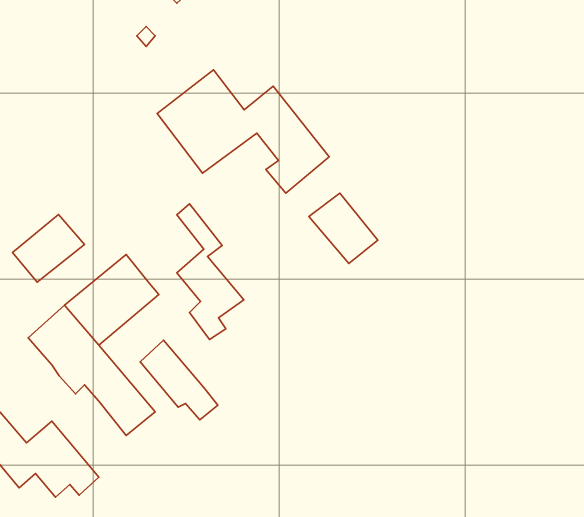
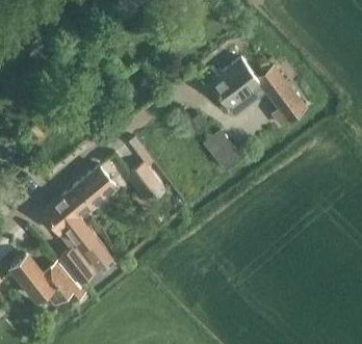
building: [157,70,329,193] -> [208,57,307,128]
building: [13,214,85,282] -> none
building: [140,340,218,420] -> [59,245,104,291]

